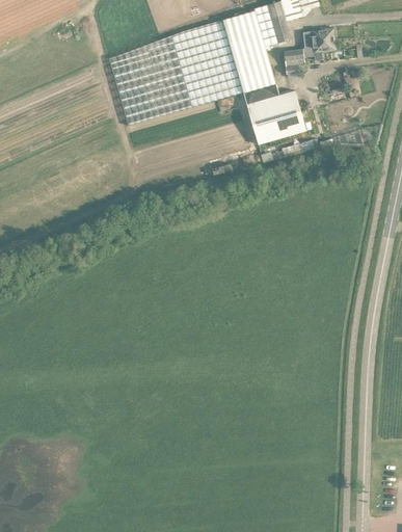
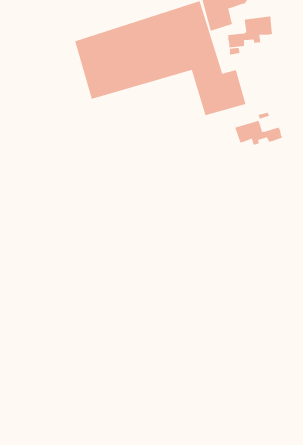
building: none -> [234,120,283,146]

